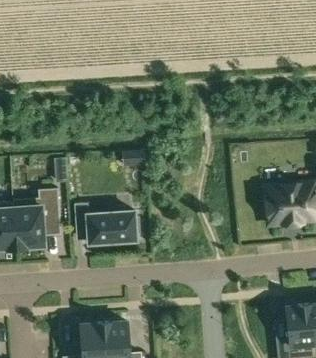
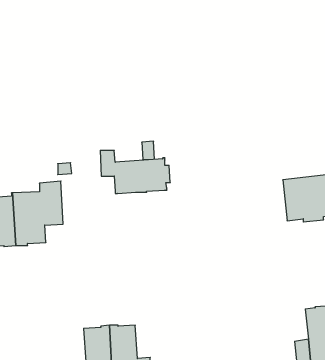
building: [74,203,139,243] -> [100,150,170,193]

